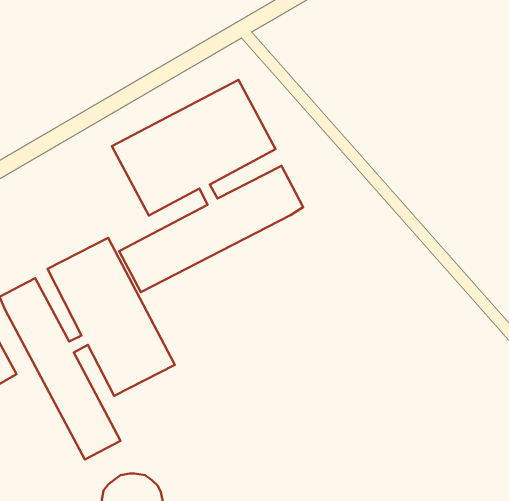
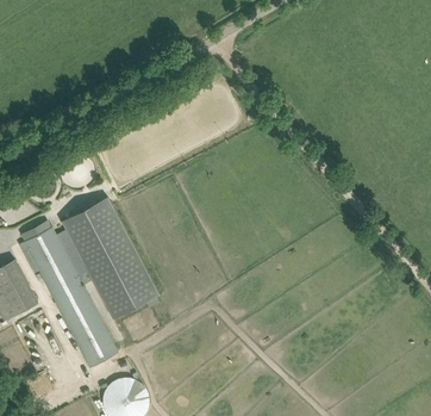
building: [112,80,303,292] -> none

